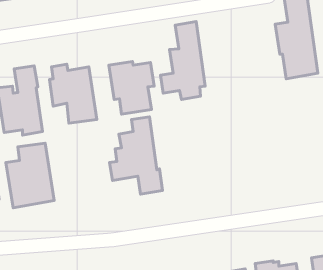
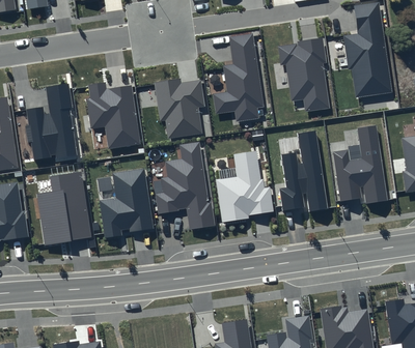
building: none -> [278,38,330,112]
building: none -> [333,125,388,204]
building: none -> [279,130,329,211]
building: none -> [216,151,274,223]
building: none -> [100,169,154,238]

